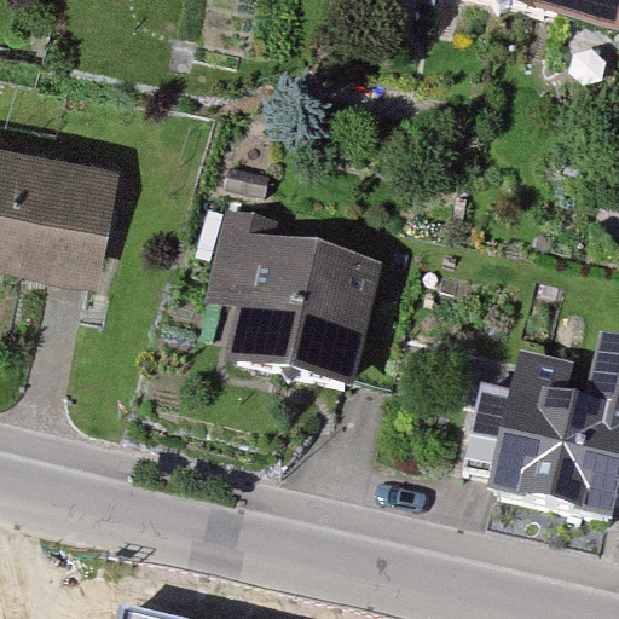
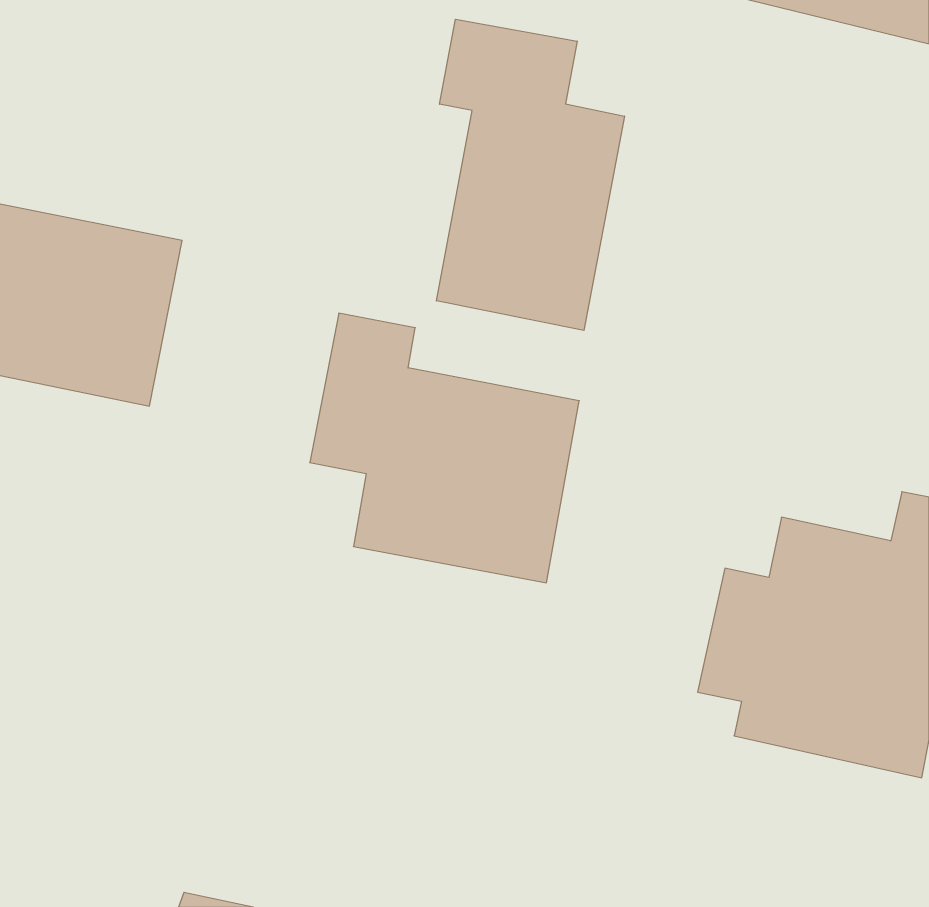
building: none -> [437,19,624,330]

